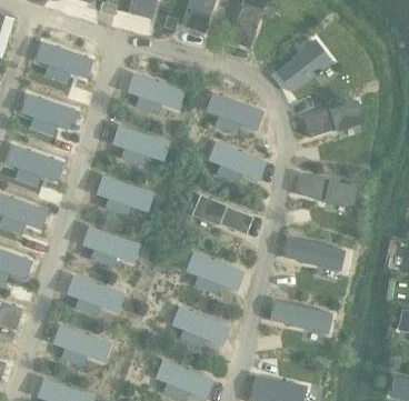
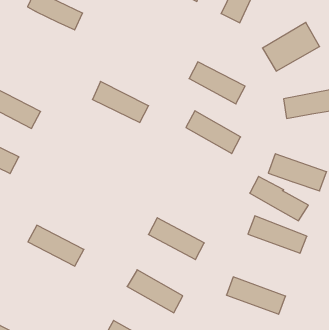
building: [127,74,183,110] -> none
building: [20,96,77,130] -> none
building: [96,177,152,212] -> none
building: [192,196,252,234] -> [250,176,308,221]
building: [82,227,139,263] -> none
building: [52,325,109,362] -> none

